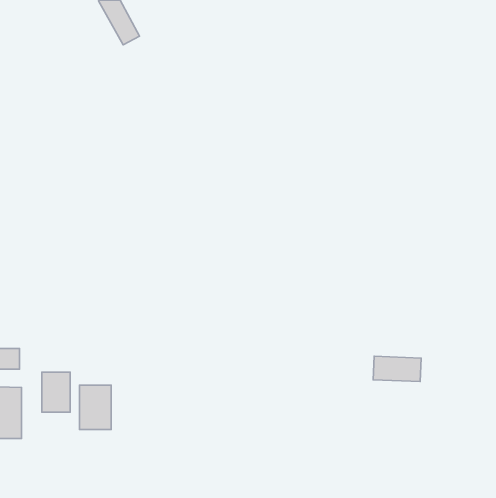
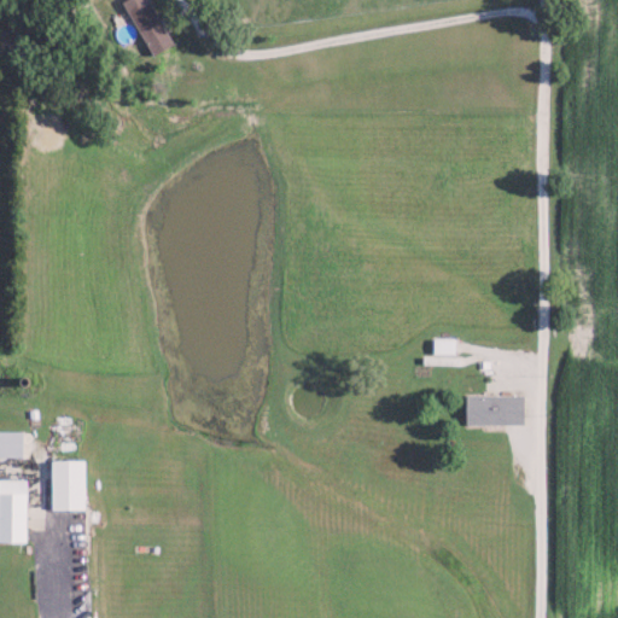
building: [373,356,421,382] -> [466,395,525,426]
building: [80,385,111,430] -> none

